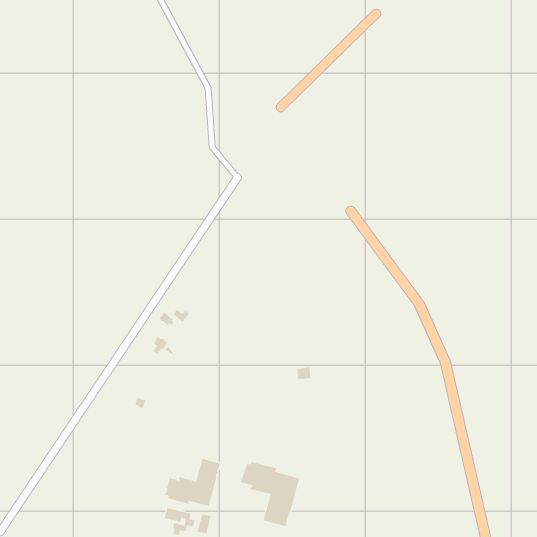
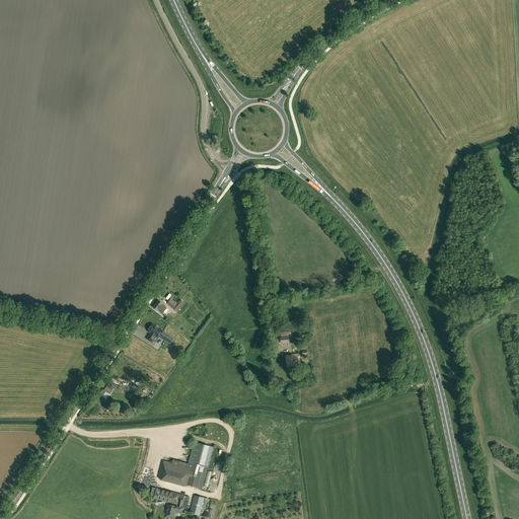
building: [240,461,300,527] -> none

